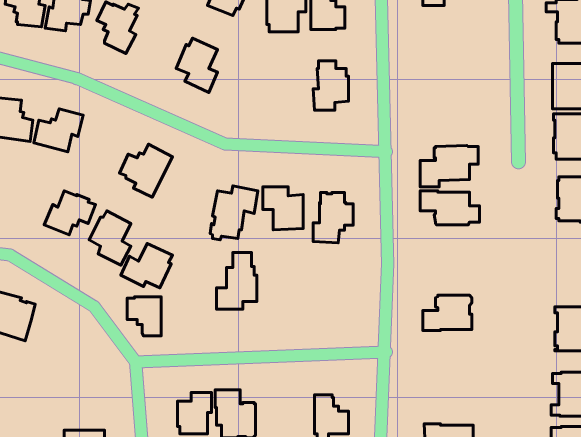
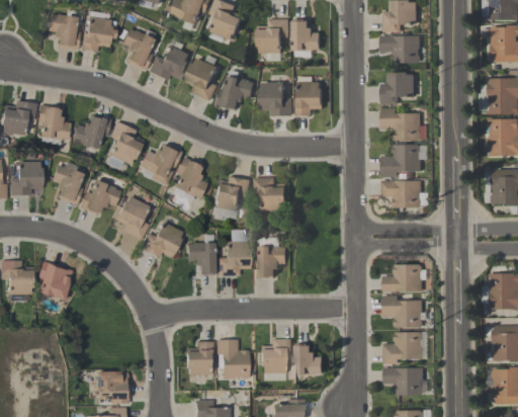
building: none -> [380,35,420,63]
building: none -> [148,41,189,80]
building: none -> [381,72,414,104]
building: none -> [217,76,255,110]
building: none -> [261,82,292,115]
building: none -> [381,108,427,141]
building: none -> [105,121,144,170]
building: none -> [174,157,207,198]
building: none -> [51,165,83,205]
building: [313,192,353,243] -> [255,238,287,278]
building: [127,297,161,336] -> [187,243,214,274]
building: none -> [383,296,427,328]
building: none -> [383,332,424,365]
building: none -> [260,339,292,373]

